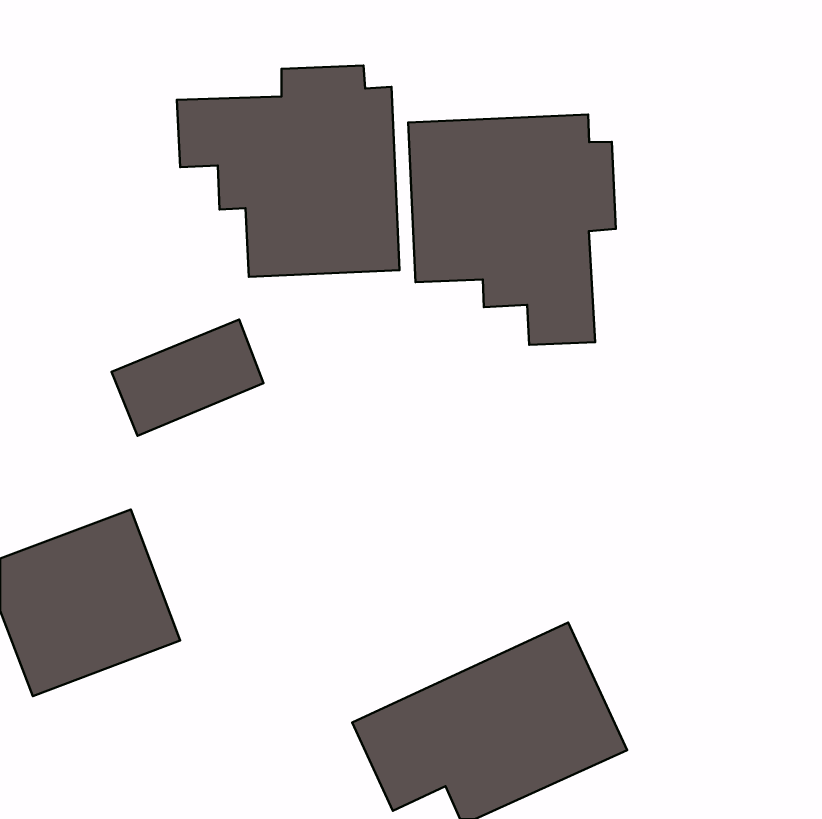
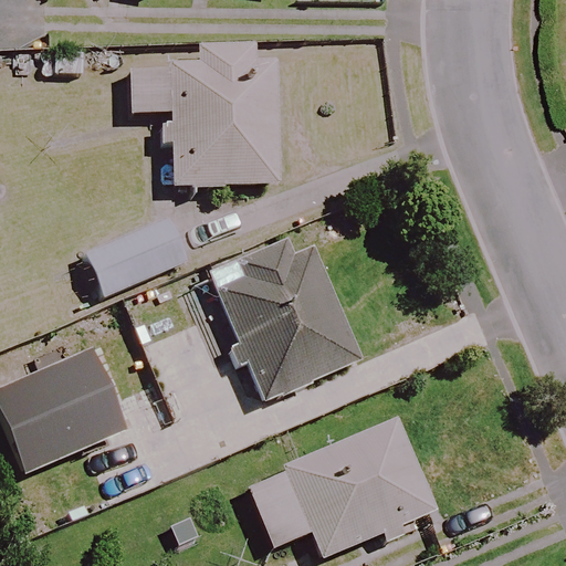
building: [408,115,616,345] -> none
building: none -> [209,247,361,402]

